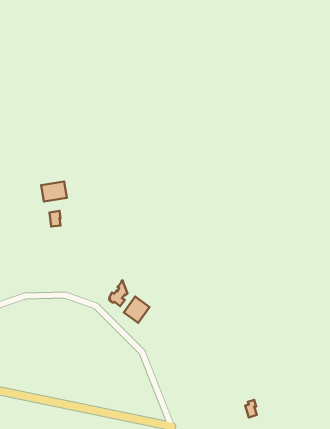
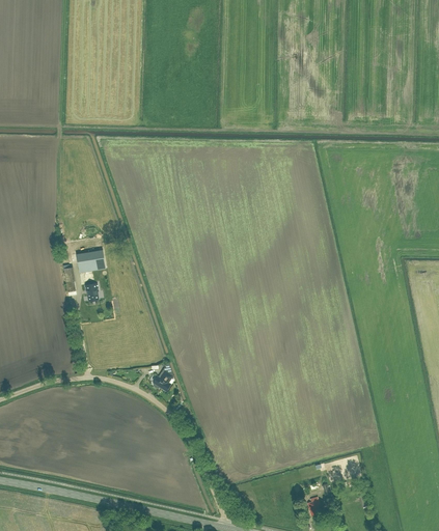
building: [124,297,150,323] -> none

